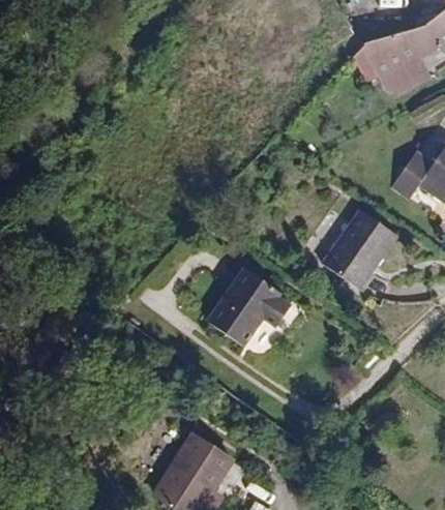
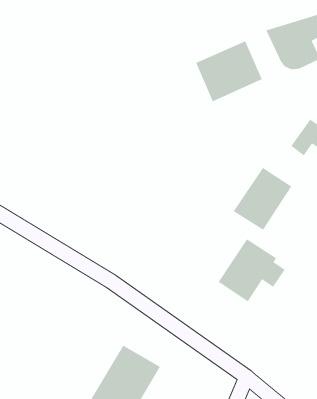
building: none -> [196,41,263,102]
building: [207,268,290,346] -> [218,239,285,302]

